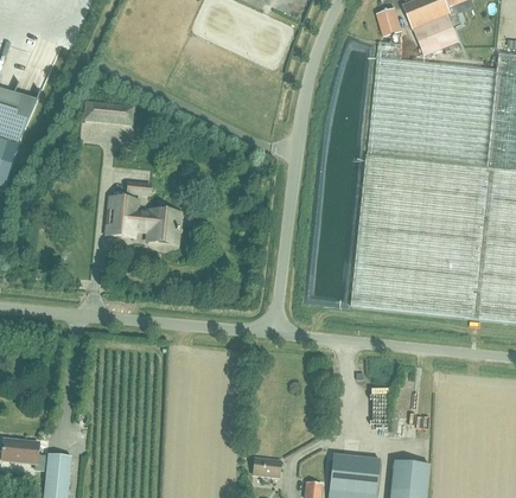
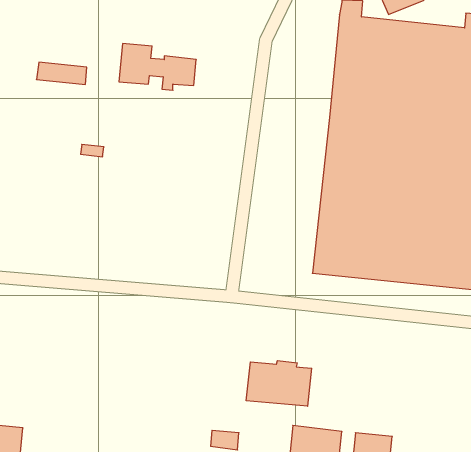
building: [106,196,180,241] -> [119,44,196,90]
building: none -> [246,361,312,406]

